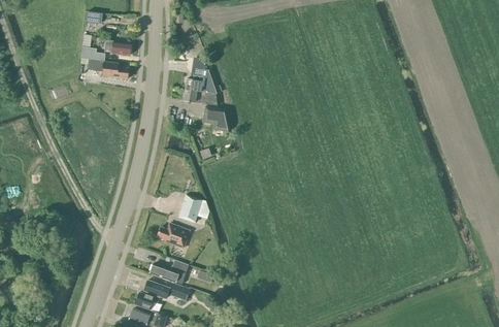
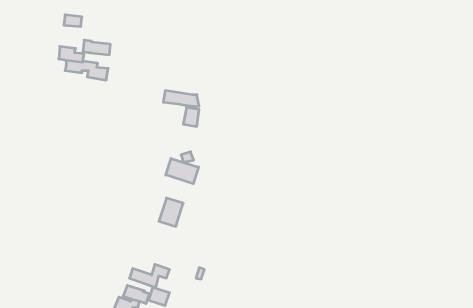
building: [186,60,217,94] -> none
building: none -> [166,158,199,184]
building: [158,223,191,249] -> none

